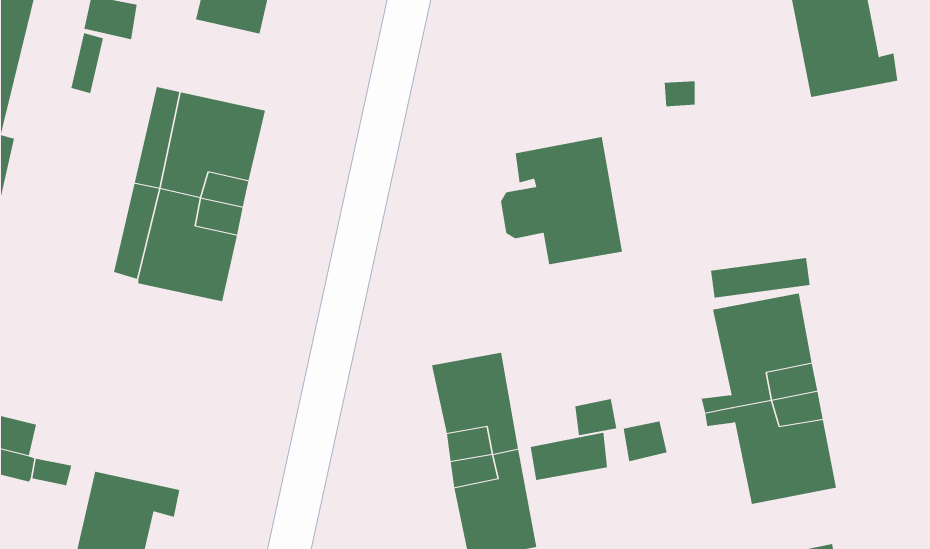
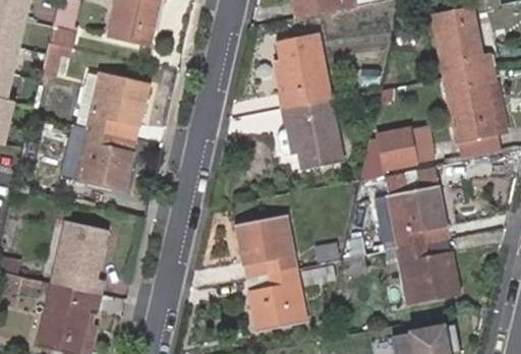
building: none -> [280,38,331,109]
building: none -> [445,69,505,158]
building: none -> [377,130,431,171]
building: none -> [53,222,104,293]

